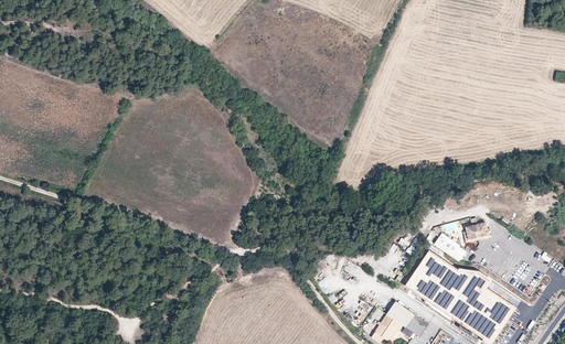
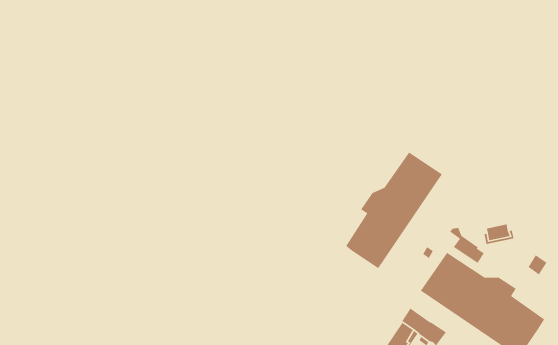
building: none -> [345,152,443,269]

